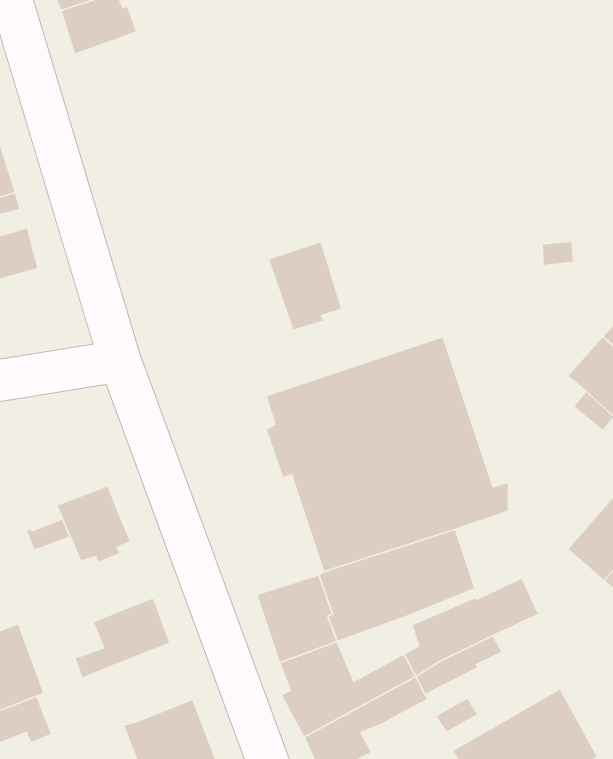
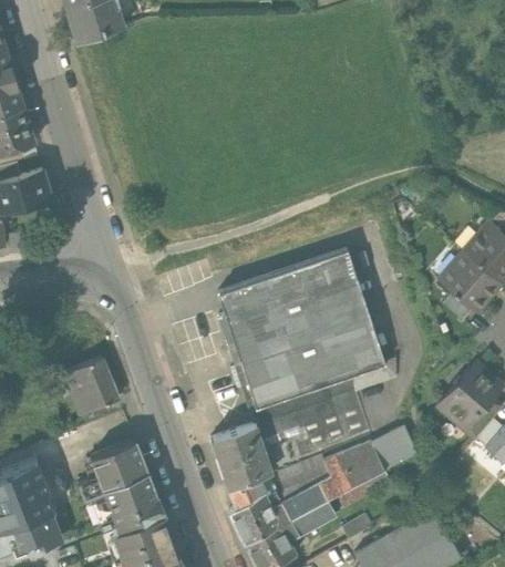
building: [268,241,342,330] -> none
building: none -> [269,454,329,502]
building: none -> [105,474,164,532]

